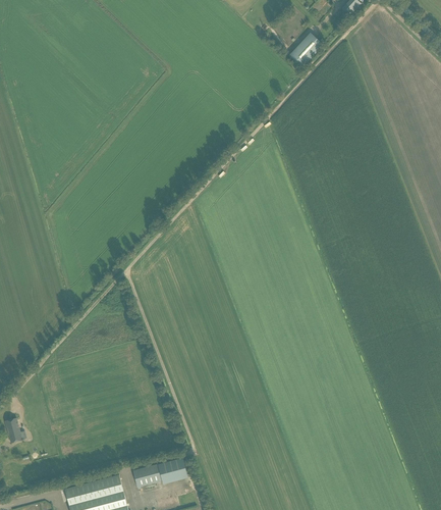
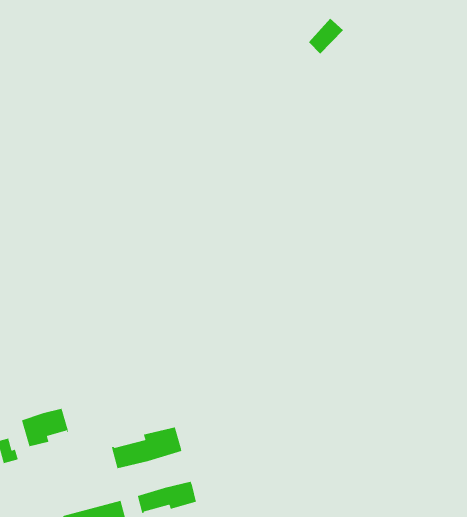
building: none -> [21,408,69,447]
building: none -> [111,426,182,469]

